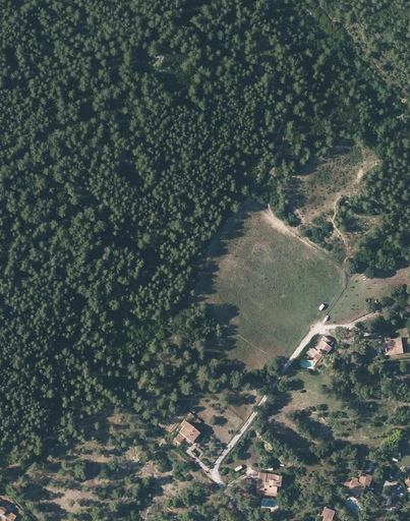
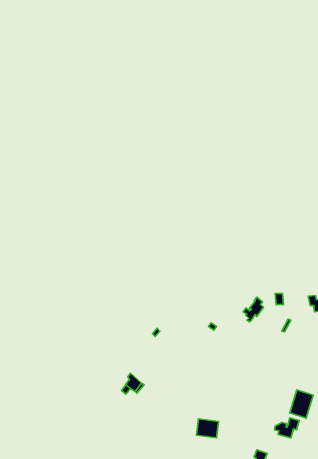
building: none -> [290,390,313,418]

